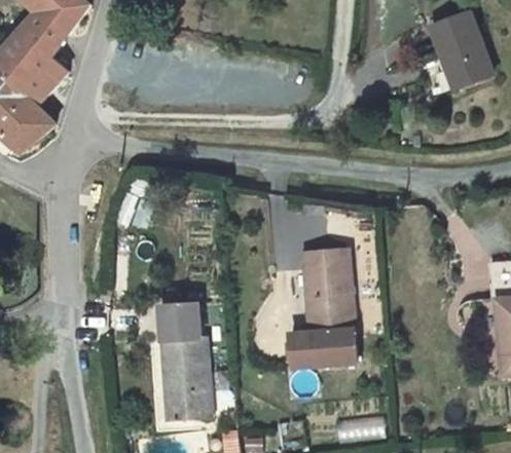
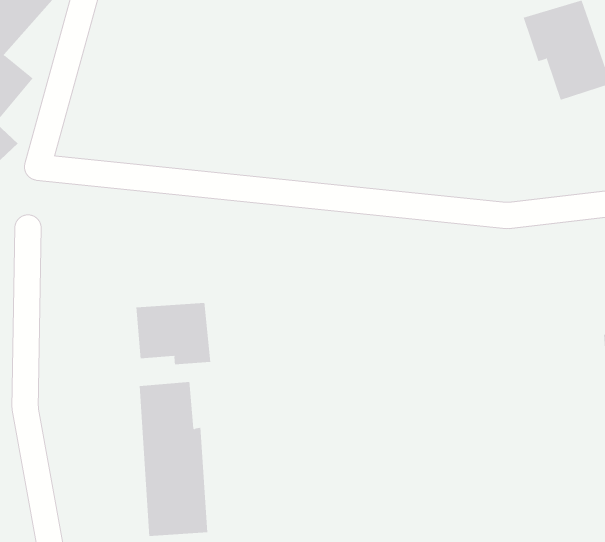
building: none -> [136,302,211,365]
building: [283,248,354,364] -> none

